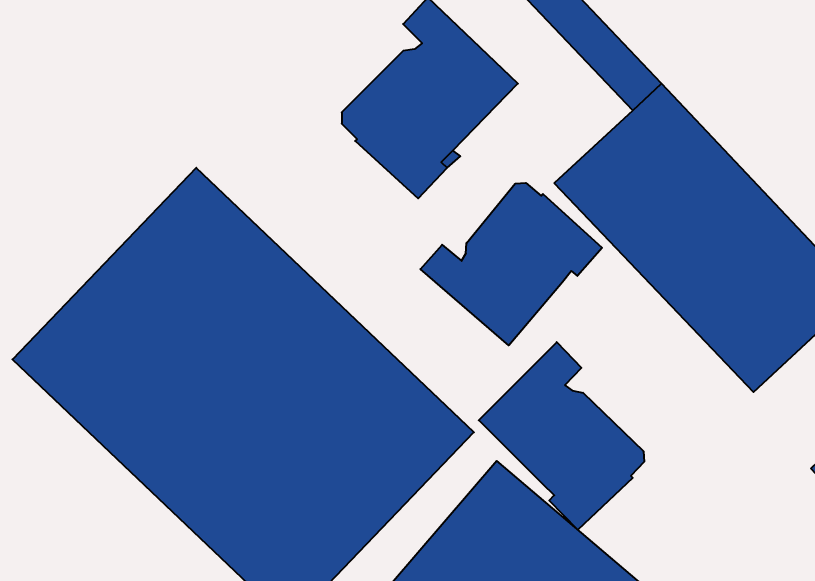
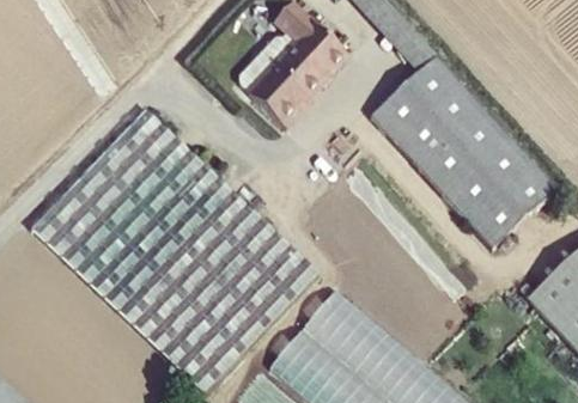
building: [420,183,602,345] -> none
building: [479,342,644,530] -> none

